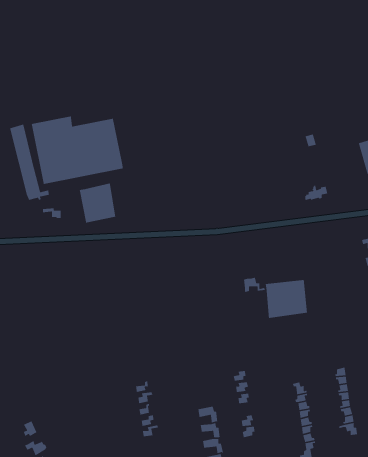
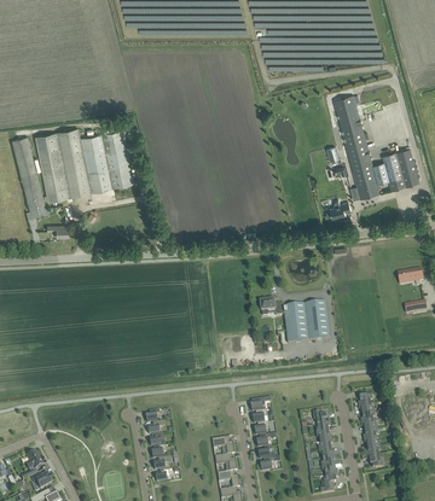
building: none -> [332,94,379,198]
building: [79,183,116,224] -> none

